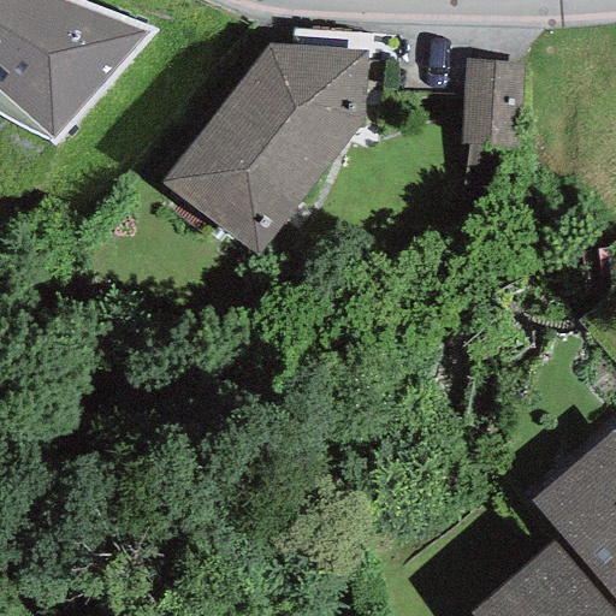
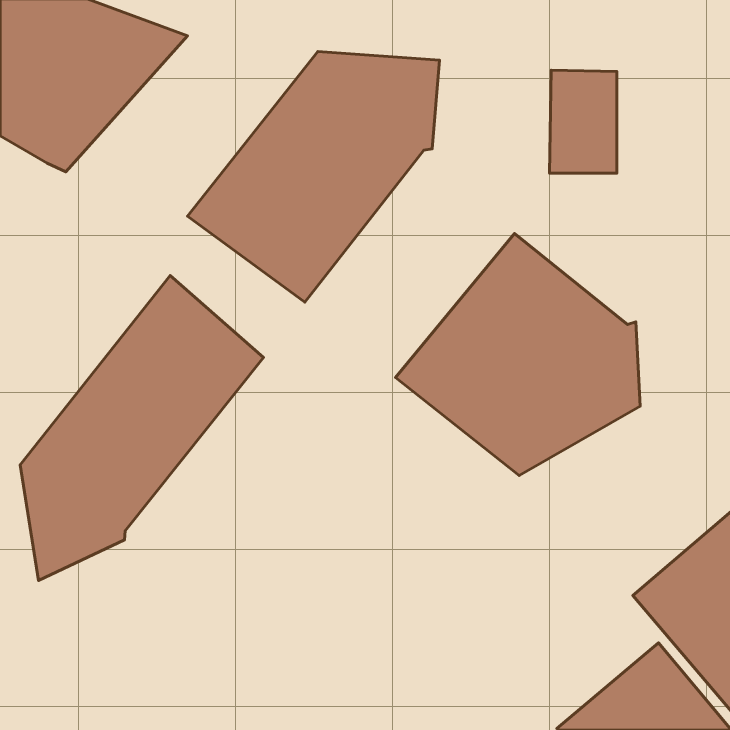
building: none -> [395,234,640,476]
building: none -> [20,276,263,580]

